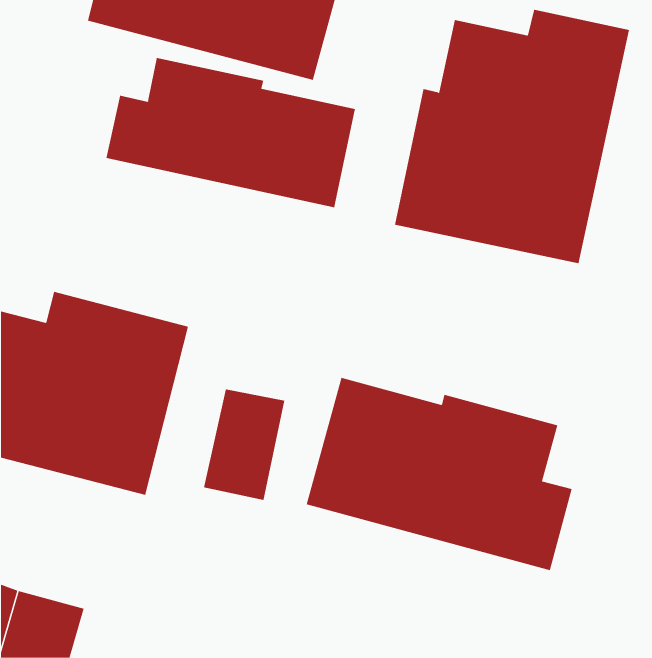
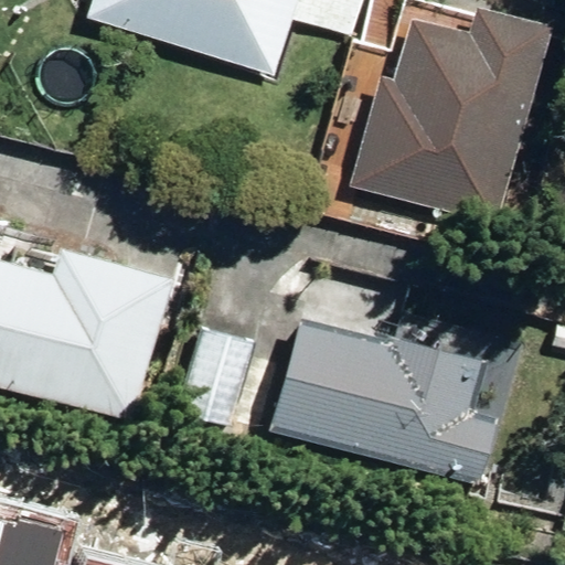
building: [106,57,356,208] -> none

